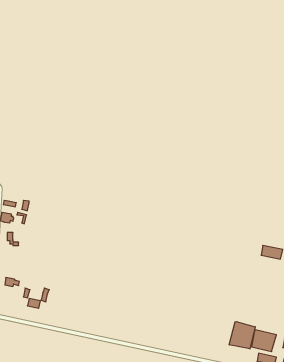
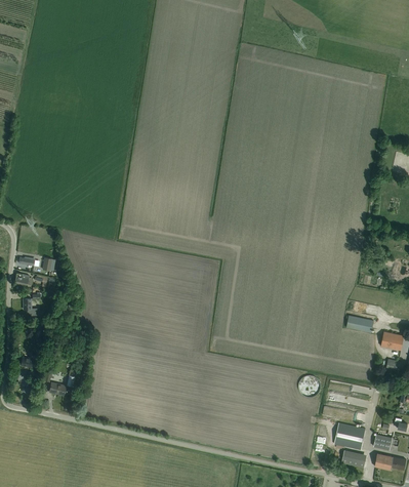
building: [229,322,255,349] -> none

